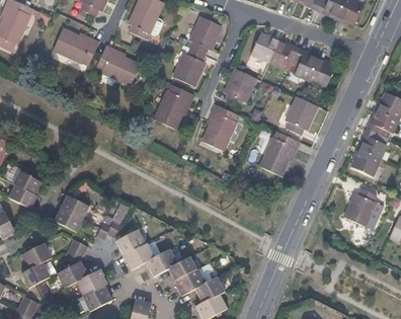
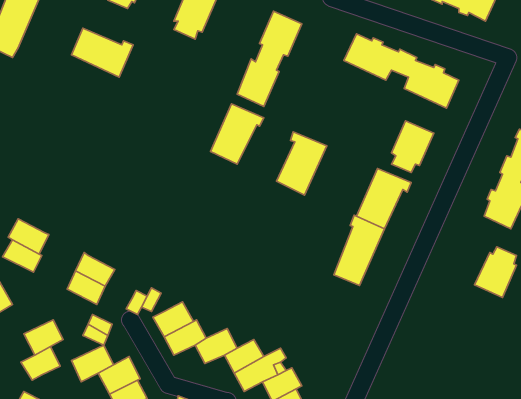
building: [97,47,141,84] -> none
building: [226,69,256,107] -> none
building: none -> [334,215,385,285]

